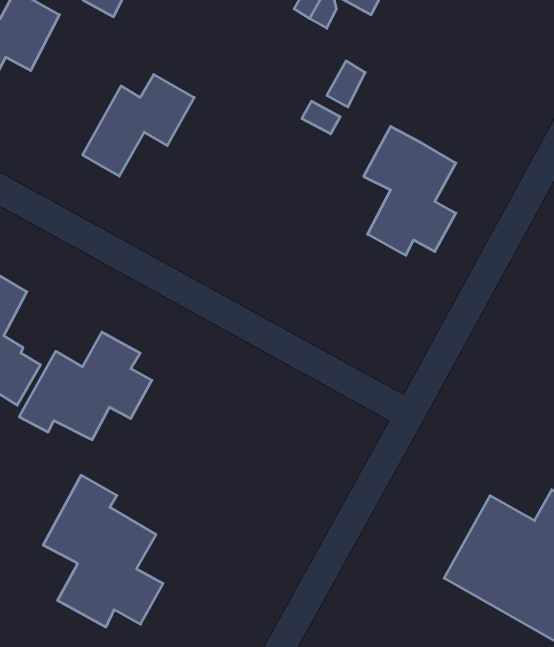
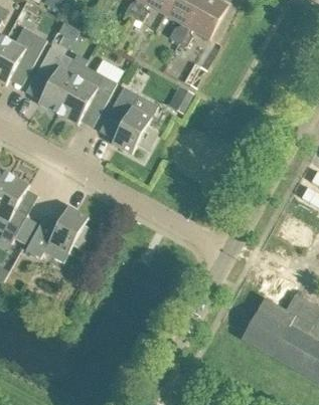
building: none -> [35,46,77,113]
building: [364,126,456,255] -> [109,85,157,153]
building: [43,475,163,627] -> none

